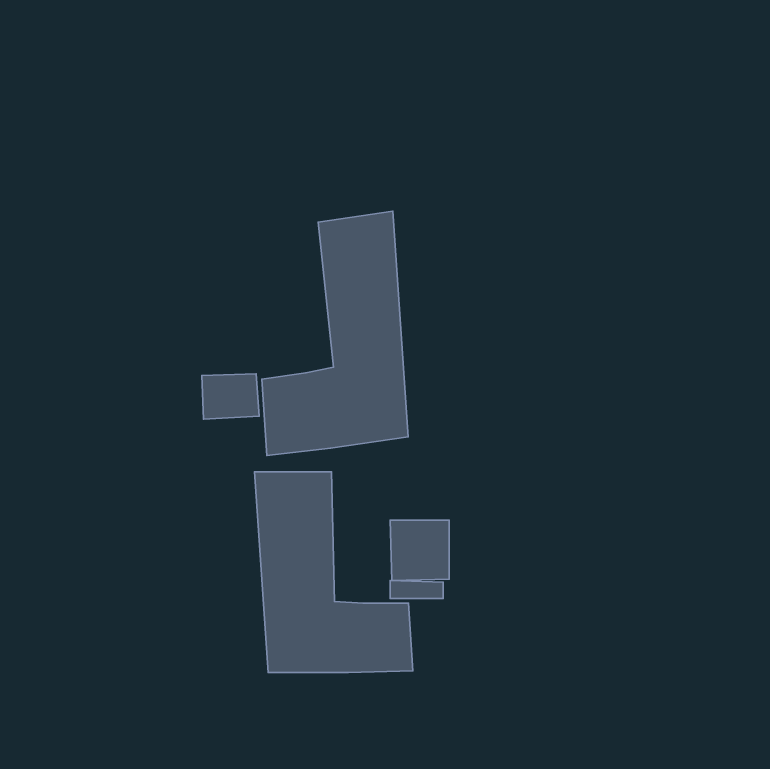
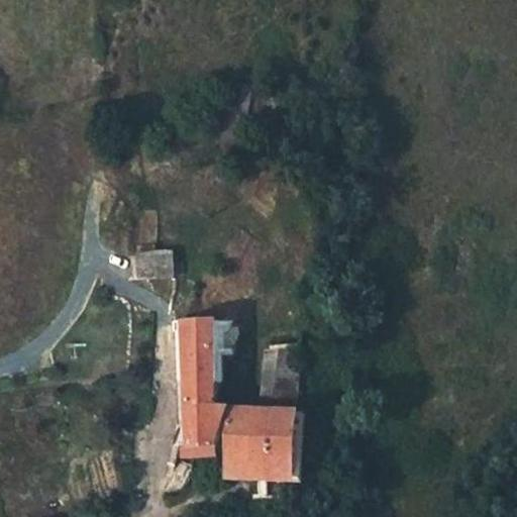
building: [262,211,408,456] -> none
building: none -> [230,405,314,484]

